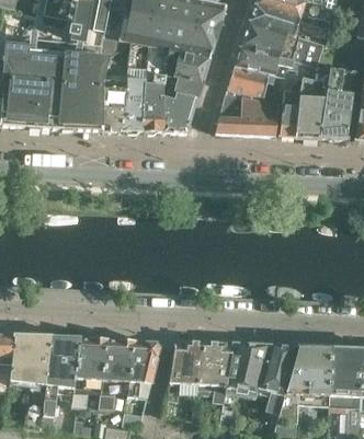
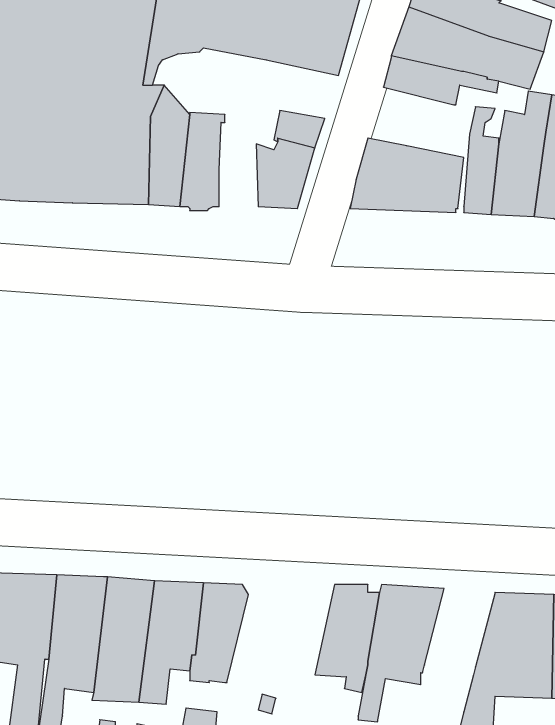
building: [167,48,211,81] -> none
building: [228,63,275,96] -> none
building: [144,73,166,134] -> none
building: [167,340,208,400] -> none
building: [258,344,298,413] -> none

